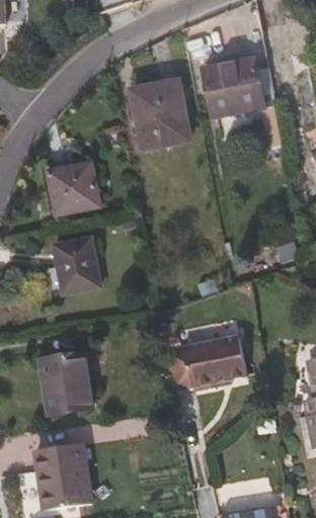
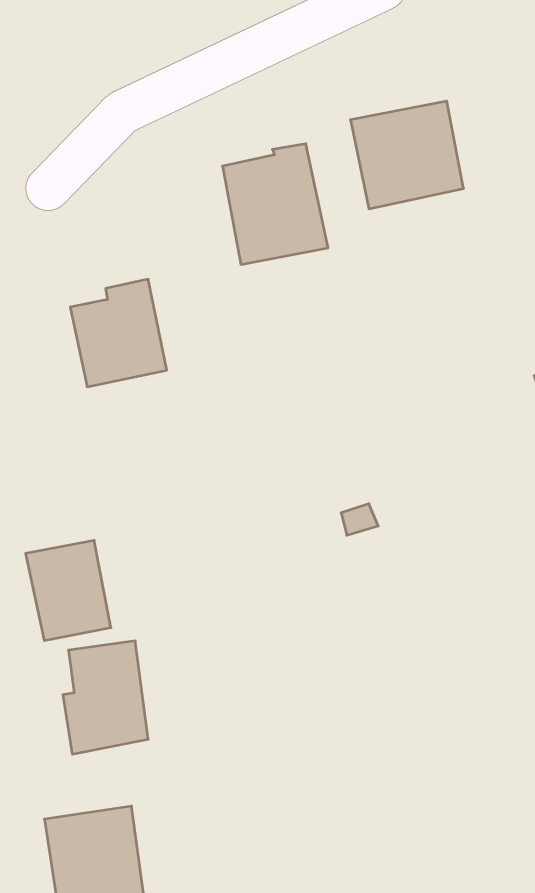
building: [54,238,100,292] -> [26,540,111,641]
building: [165,335,247,392] -> none

